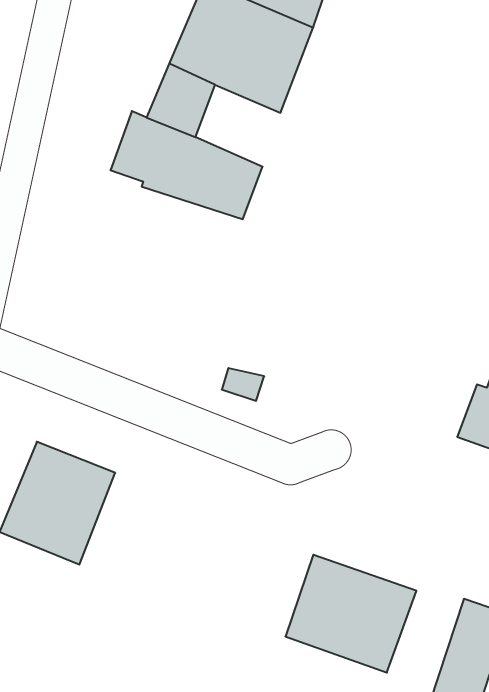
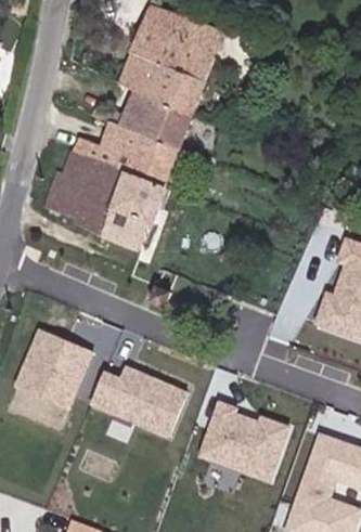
building: none -> [140,93,196,147]
building: none -> [51,147,171,245]
building: none -> [90,363,186,440]

